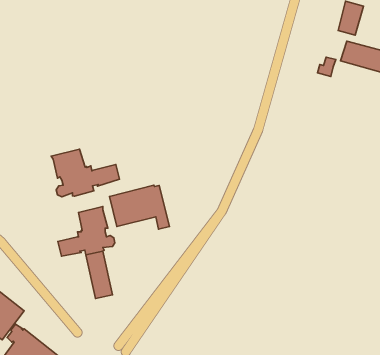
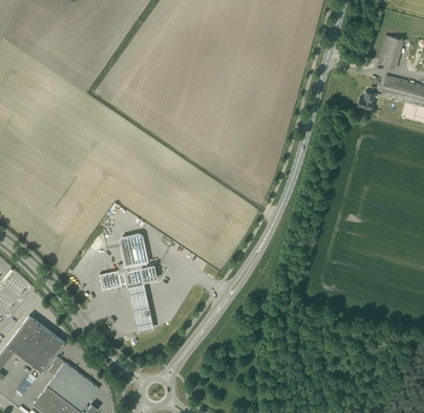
building: [51,149,120,197] -> none
building: [110,185,170,229] -> none

